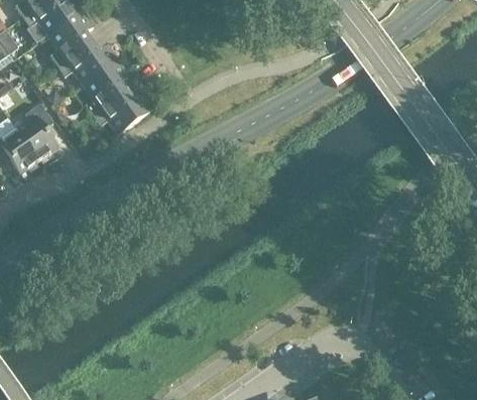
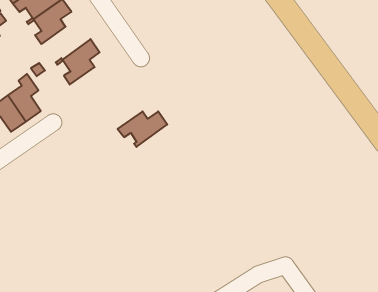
building: [57,43,117,84] -> none
building: [92,93,152,136] -> [118,111,167,147]

